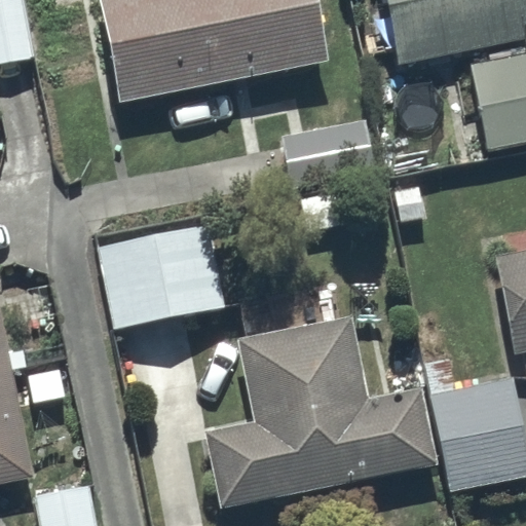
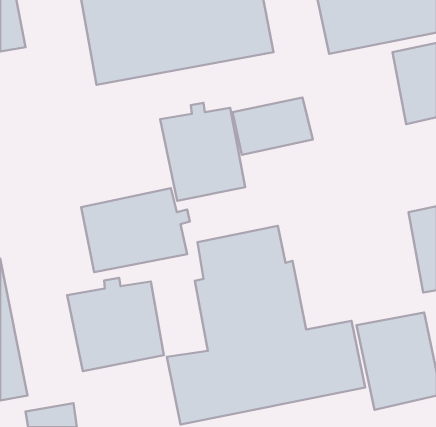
building: none -> [160,103,245,201]
building: none -> [67,278,164,371]

